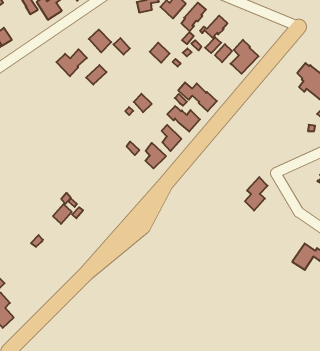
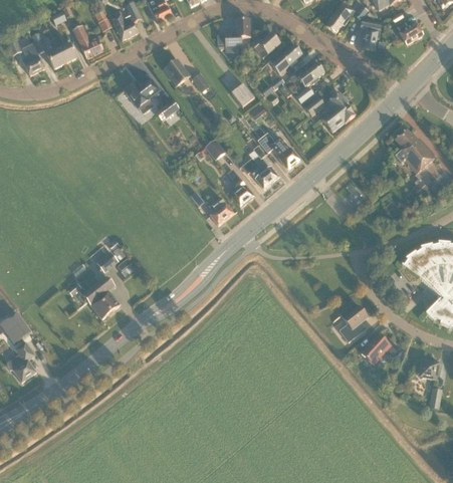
building: none -> [71,23,101,56]
building: [245,177,268,211] -> [338,304,367,341]
building: none -> [82,275,119,318]

